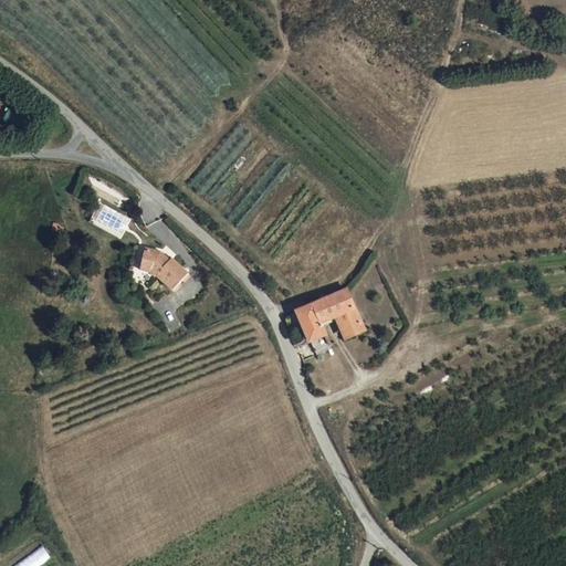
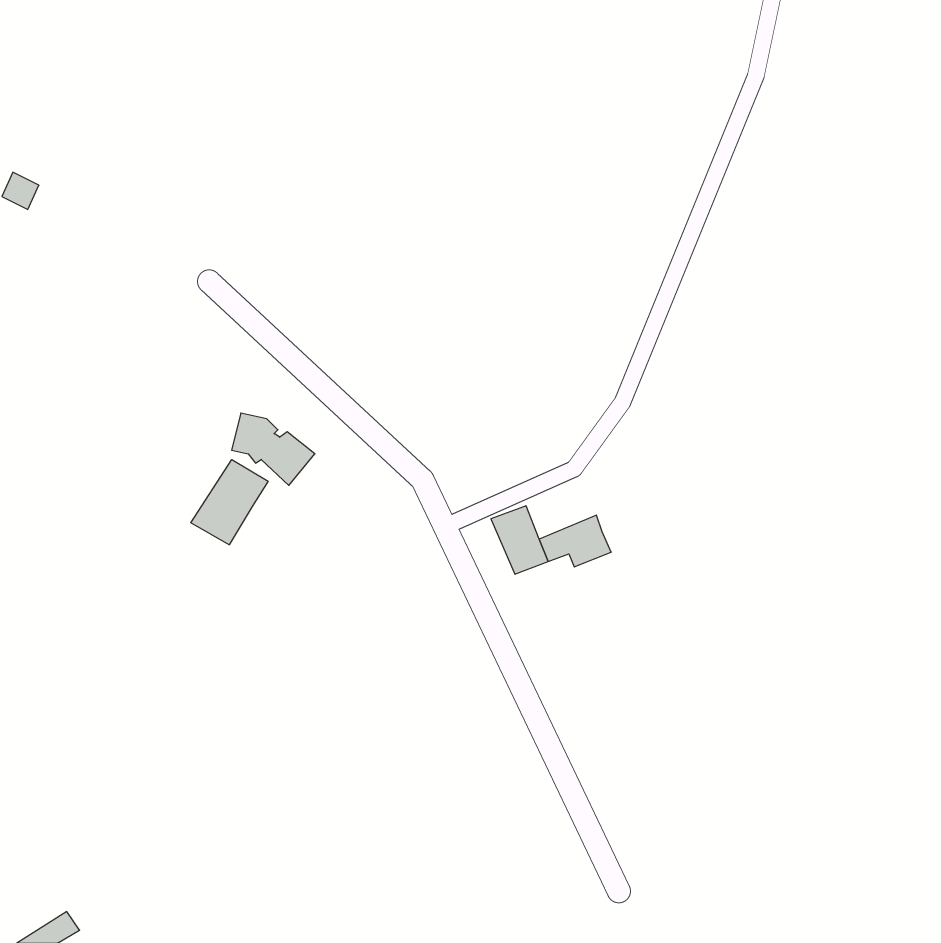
building: none -> [191,460,268,545]
building: [314,287,356,322] -> none

